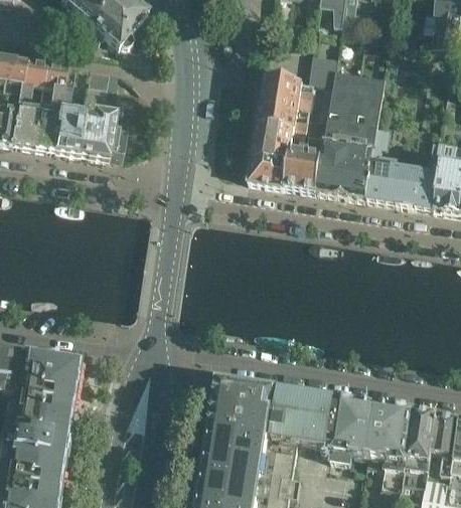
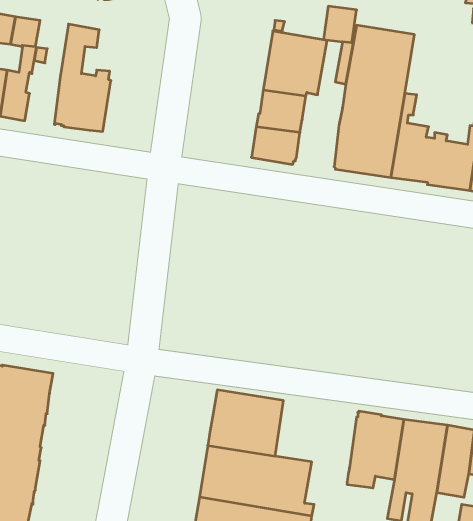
building: [55,108,86,152] -> none
building: [284,134,326,190] -> none
building: [269,387,340,445] -> none

